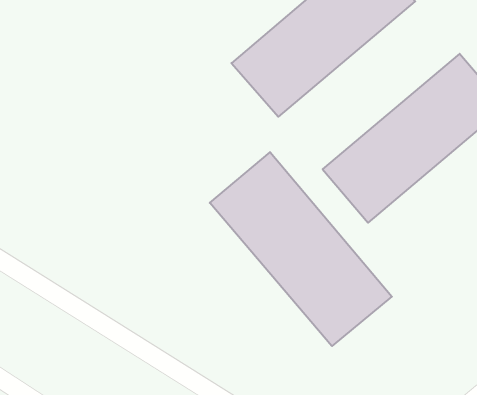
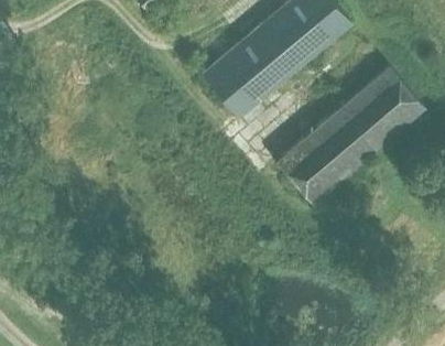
building: [210,152,392,346] -> none

